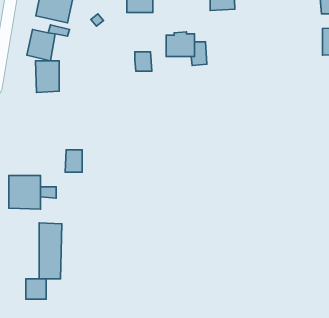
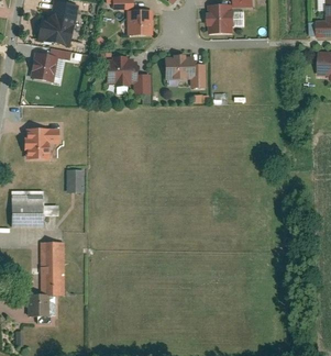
building: none -> [106,57,134,82]
building: [35,61,59,92] -> [25,129,48,159]

